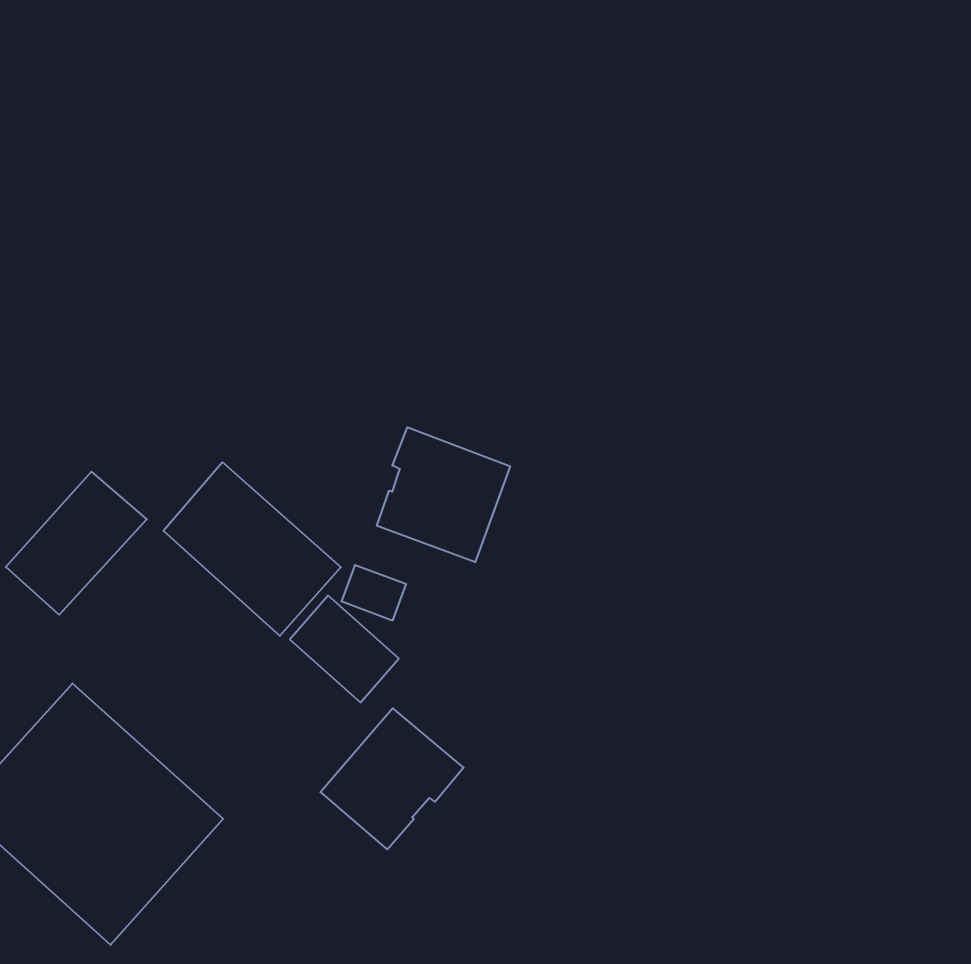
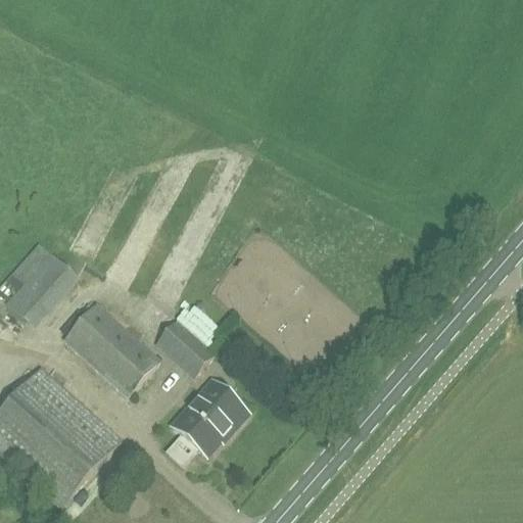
building: [377,427,510,562] -> none
building: [163,462,341,636] -> [63,302,158,395]

